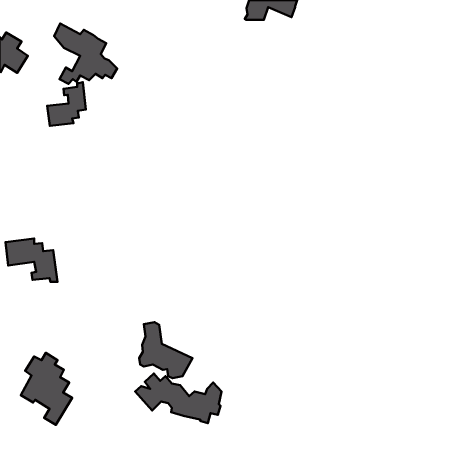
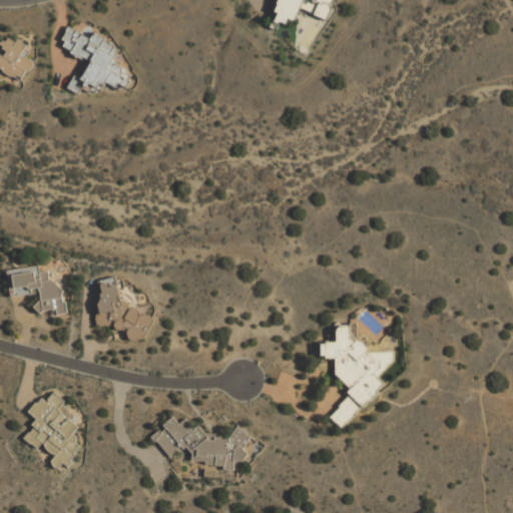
building: [47,82,86,126] -> none
building: none -> [320,326,392,428]
building: [139,322,192,378] -> [94,278,153,340]

